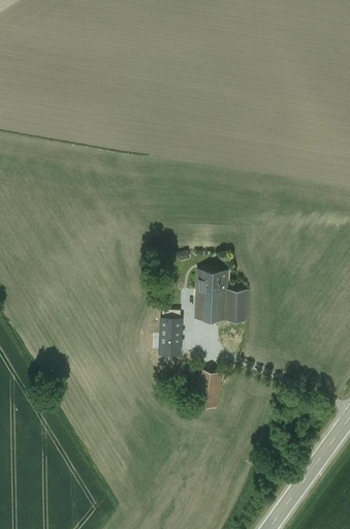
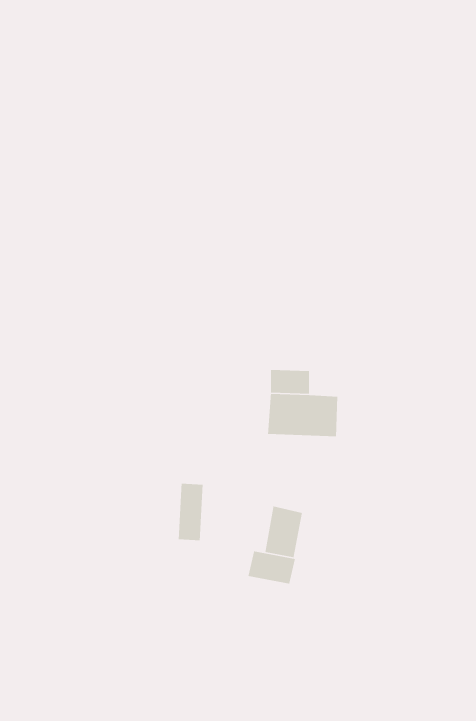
building: [161,311,180,353] -> [178,483,203,541]
building: none -> [248,550,296,585]

